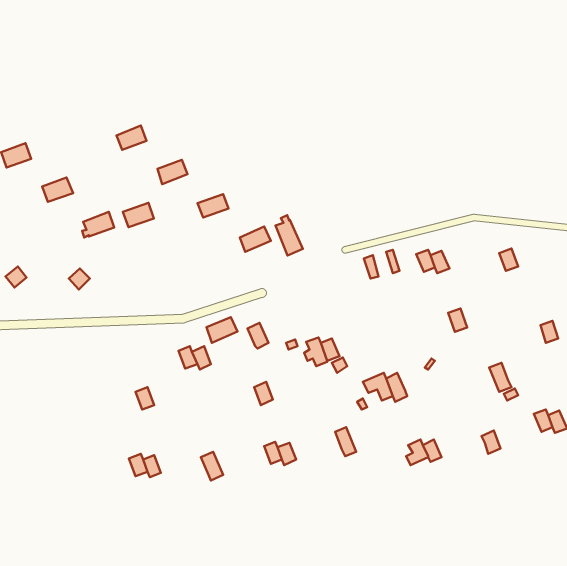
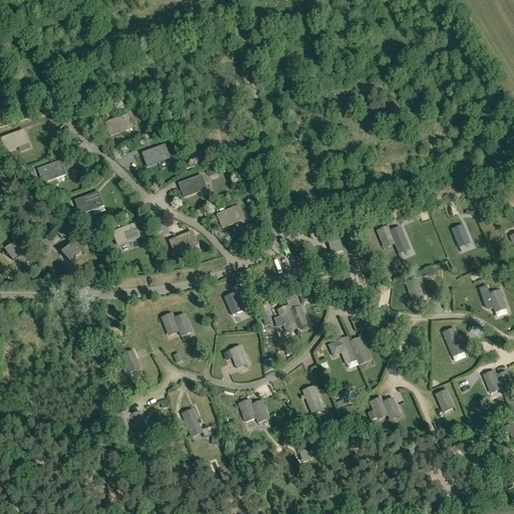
building: [123,203,154,227] -> [112,223,141,245]
building: [276,215,303,255] -> none
building: [206,317,237,343] -> [170,231,198,254]

